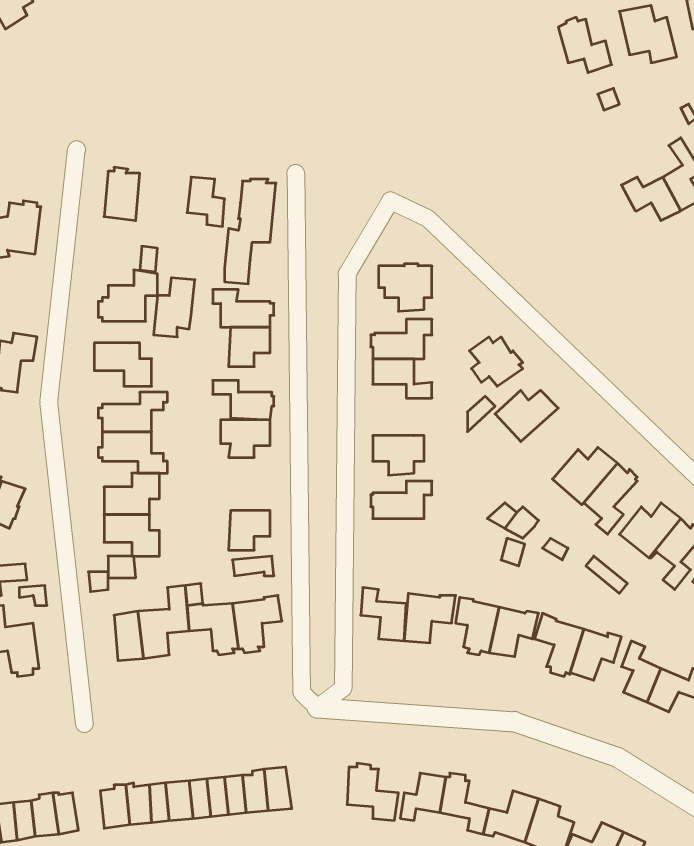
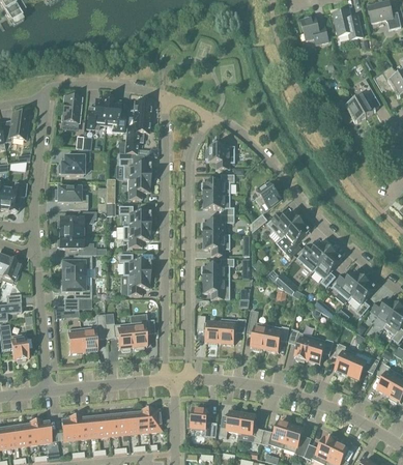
building: [154,278,195,337] -> [86,98,108,129]
building: none -> [202,215,234,235]
building: none -> [281,221,310,257]
building: none -> [118,254,151,274]
building: none -> [203,279,230,299]

